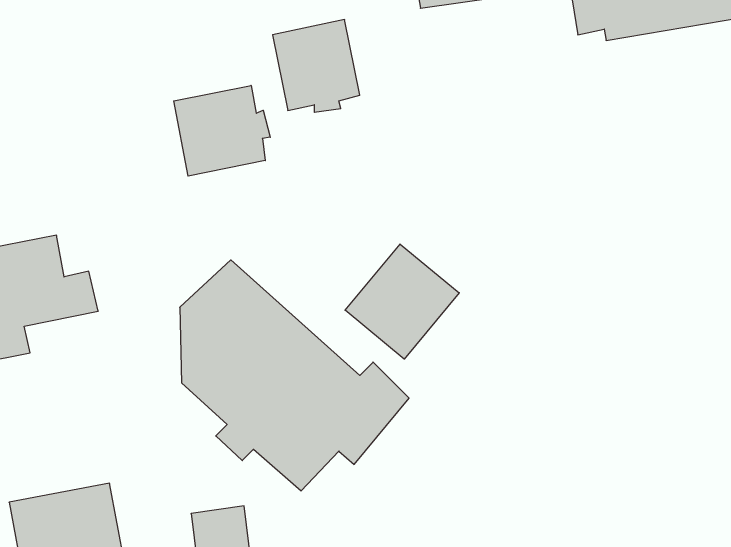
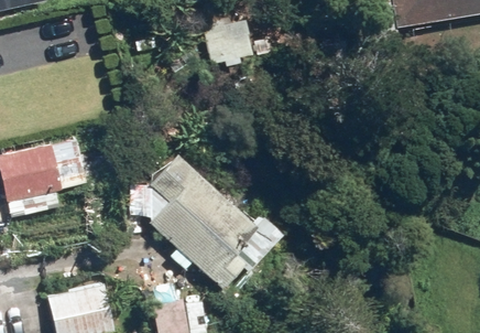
building: [174,85,270,176] -> none
building: [345,244,459,359] -> none

